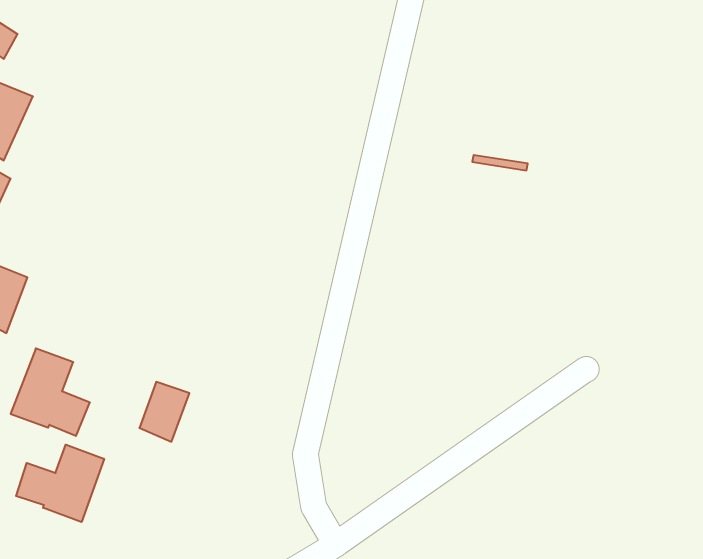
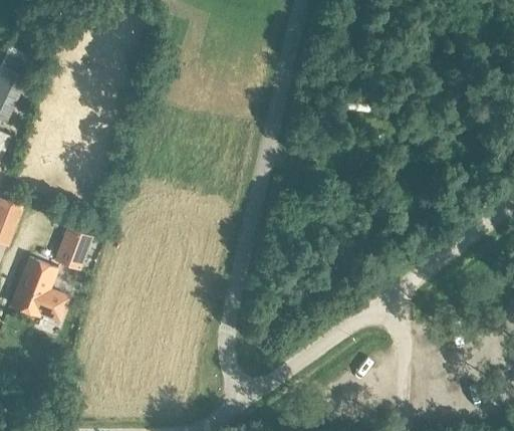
building: [139,382,189,442] -> [53,228,89,271]
building: [16,445,104,522] -> none

